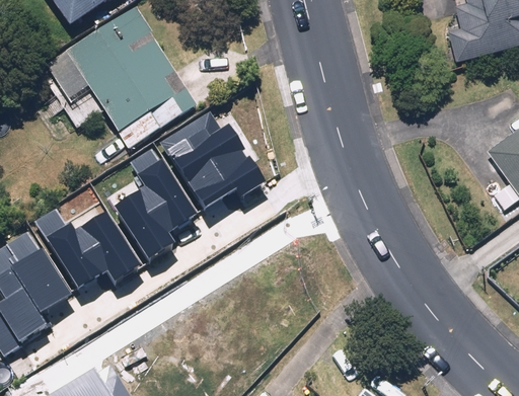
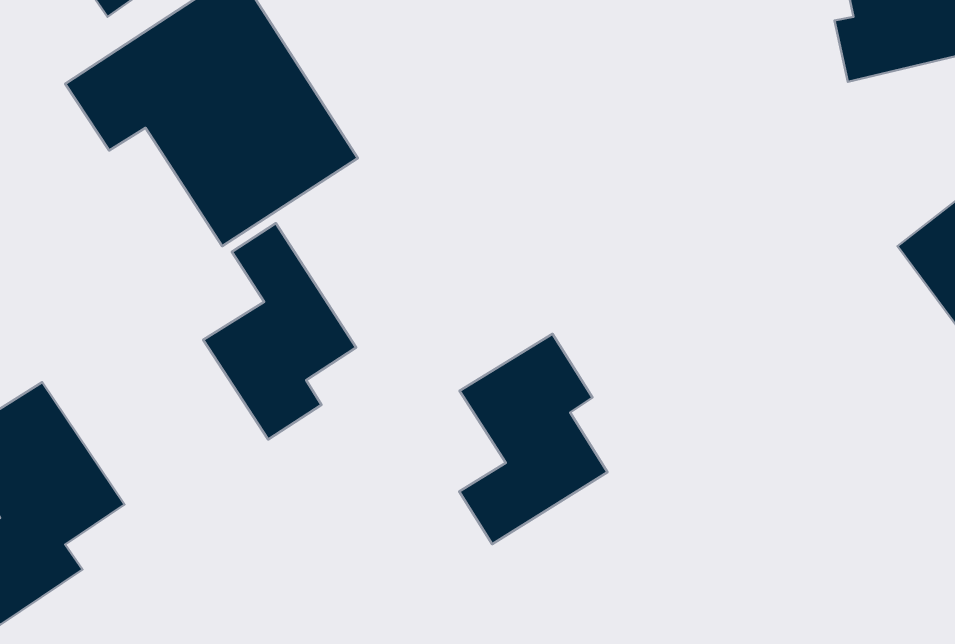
building: [166,107,266,203] -> none
building: none -> [459,334,607,544]
building: [40,203,146,283] -> none

